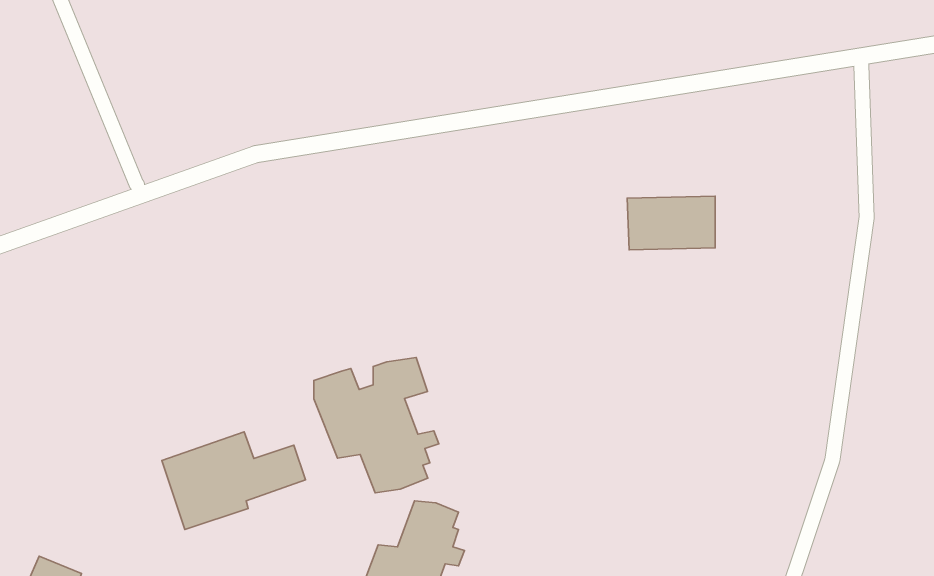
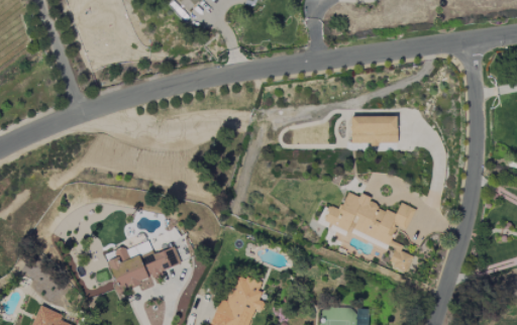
building: none -> [322,191,415,272]
building: [314,358,439,493] -> none

